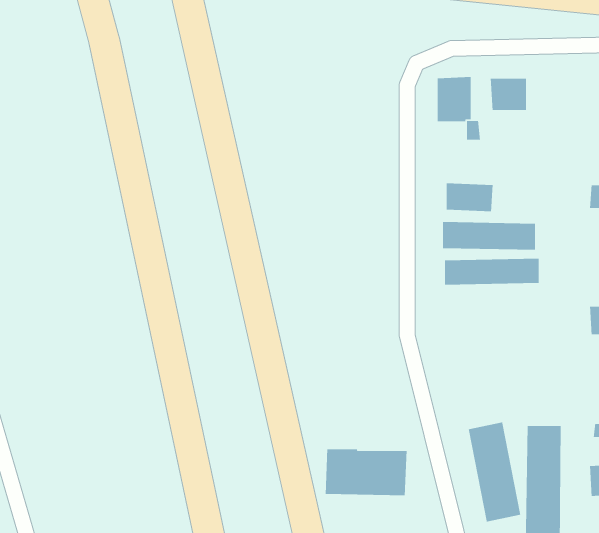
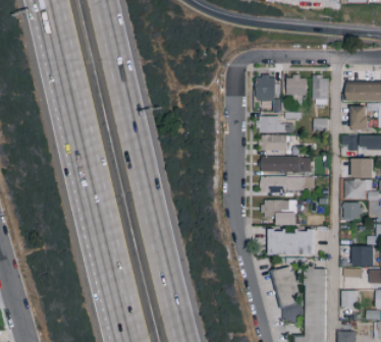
building: none -> [312,75,328,105]
building: none -> [258,116,292,132]
building: none -> [263,200,296,226]
building: [325,448,407,496] -> [267,230,313,256]

